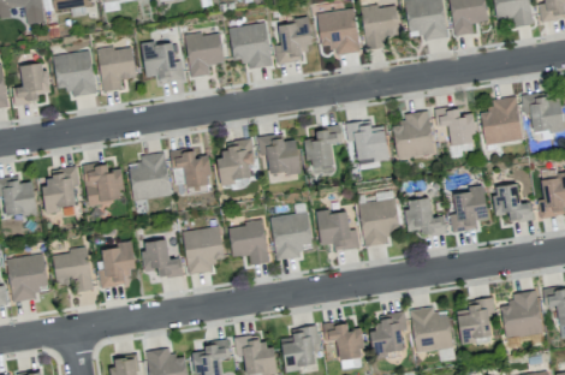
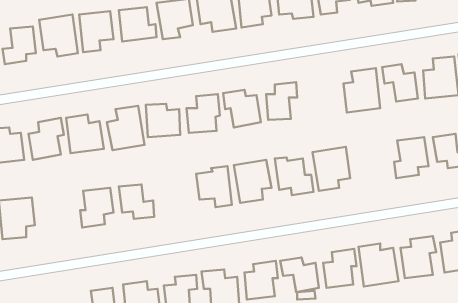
building: [345,119,389,163] -> none
building: [404,197,446,236] -> none
building: [183,226,224,273] -> none
building: [52,248,94,292] -> none

